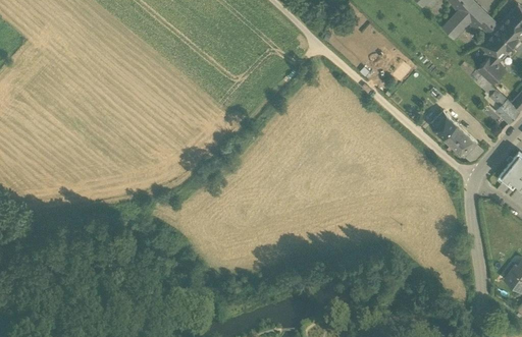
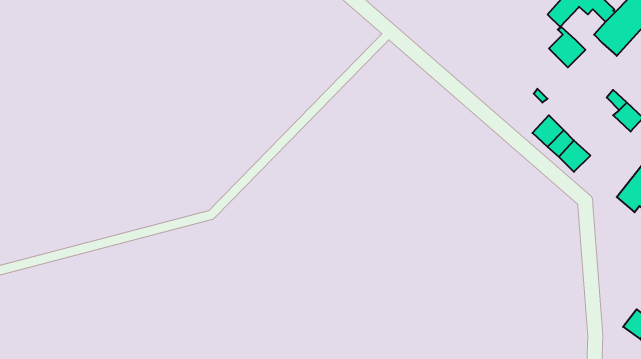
building: [478,53,508,86] -> [549,27,585,67]

